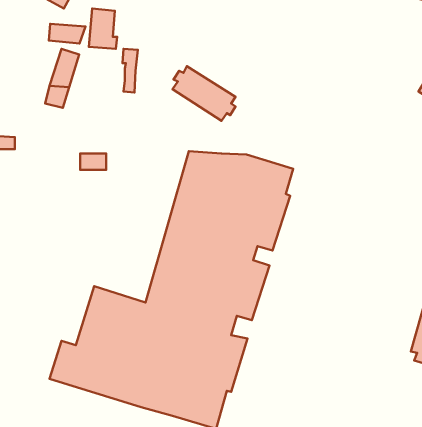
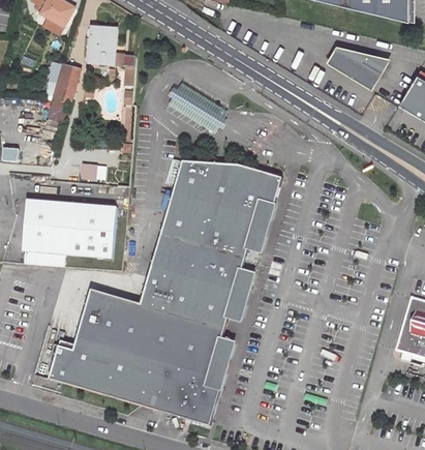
building: [49,24,85,43] -> none
building: none -> [327,46,390,89]
building: none -> [22,198,115,265]

